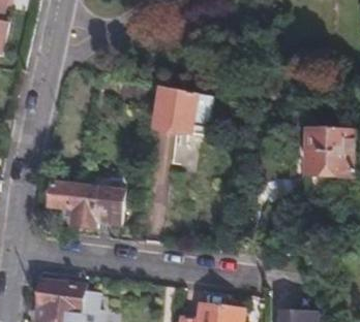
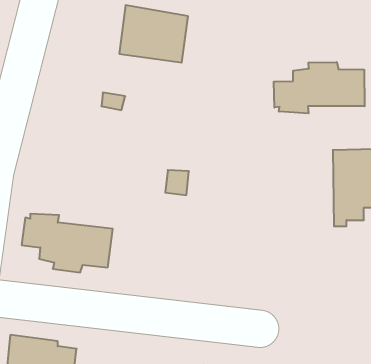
building: none -> [274,62,365,113]
building: [155,88,212,135] -> [119,5,188,63]

